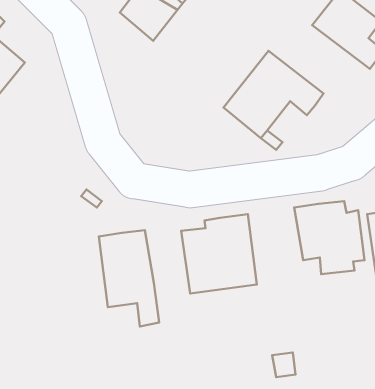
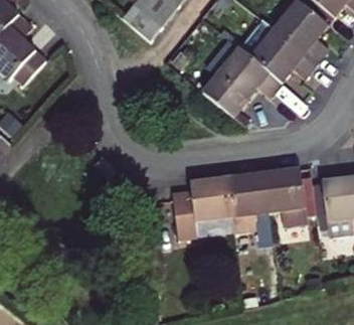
building: none -> [240,20,320,83]
building: [99,230,159,326] -> [224,172,272,248]

